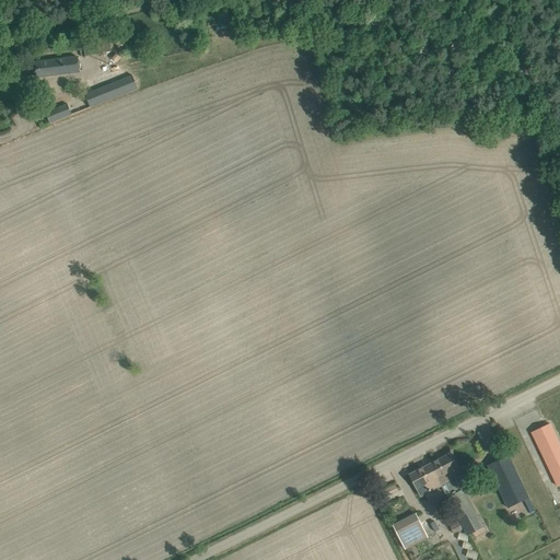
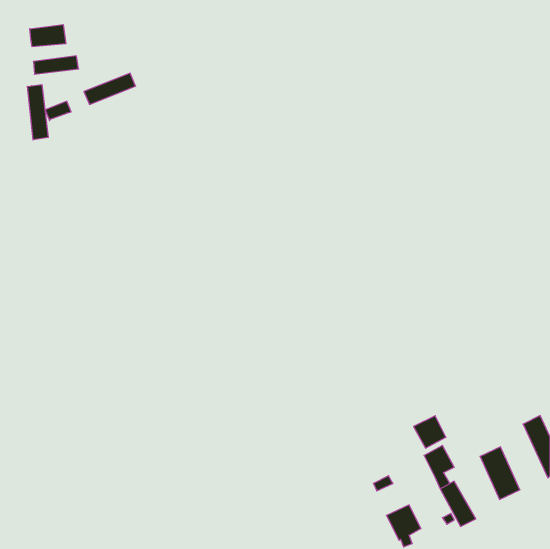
building: none -> [30,25,66,47]
building: none -> [27,85,48,140]
building: [409,463,442,495] -> [414,416,446,448]

